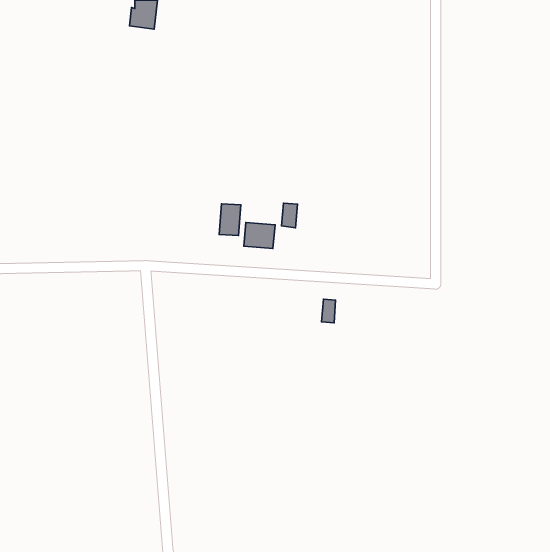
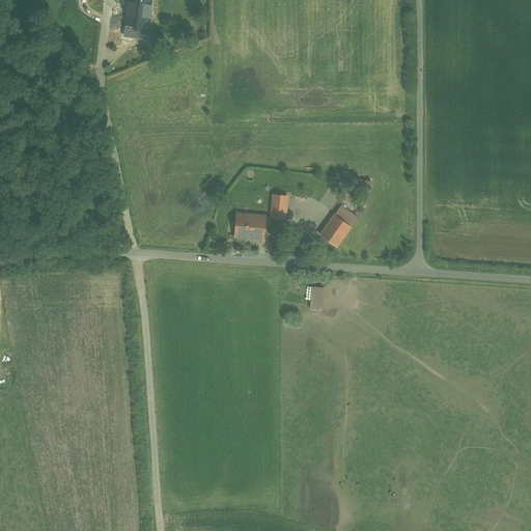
building: [219,204,241,236] -> none
building: none -> [319,215,351,247]

